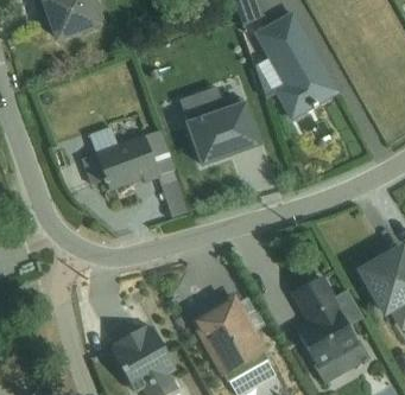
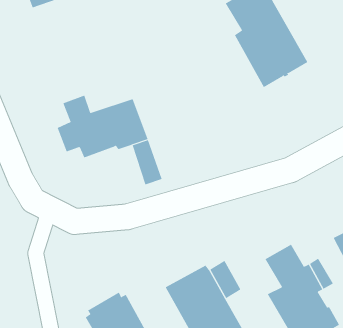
building: [178,87,258,164] -> none

